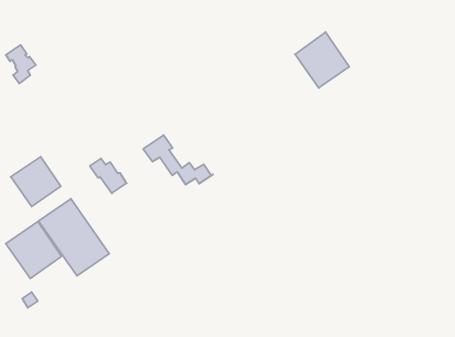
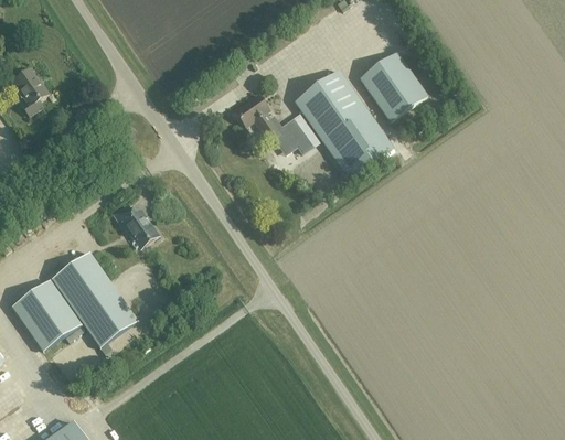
building: none -> [295,71,393,179]
building: [143,135,213,185] -> [234,94,318,153]
building: [11,157,61,207] -> none

